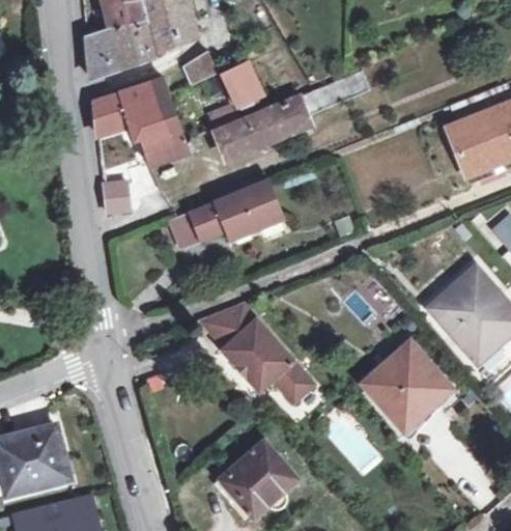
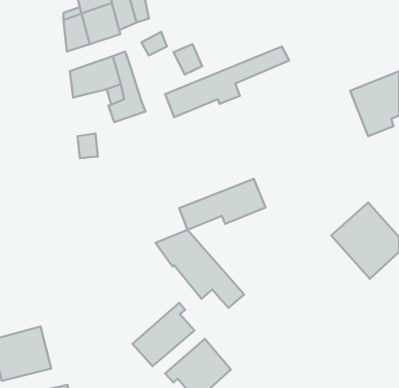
building: [172,181,281,246] -> [179,179,265,230]
building: [368,340,446,429] -> none
building: none -> [132,303,194,366]

